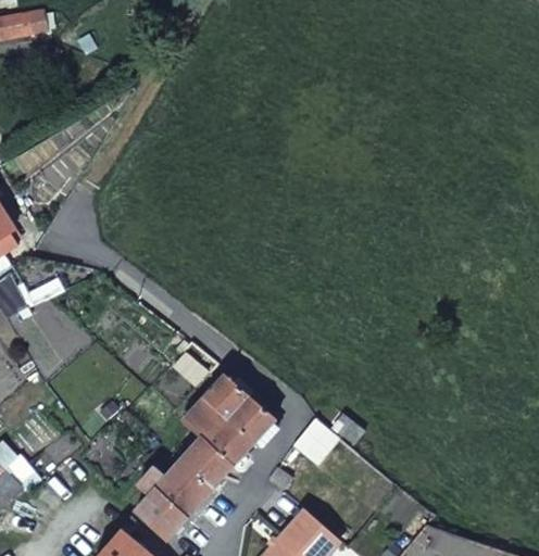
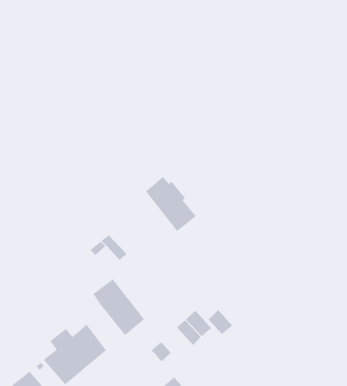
building: [205,375,275,442] -> [145,176,197,232]
building: [181,434,231,489] -> none

